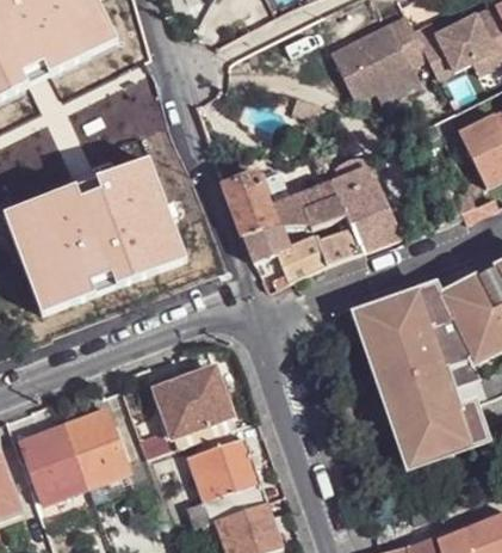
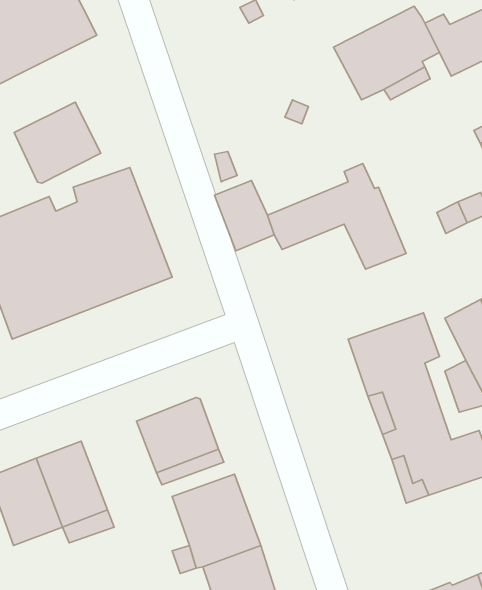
building: none -> [14,102,101,183]
building: [244,210,361,281] -> none
building: [414,285,453,405] -> none

